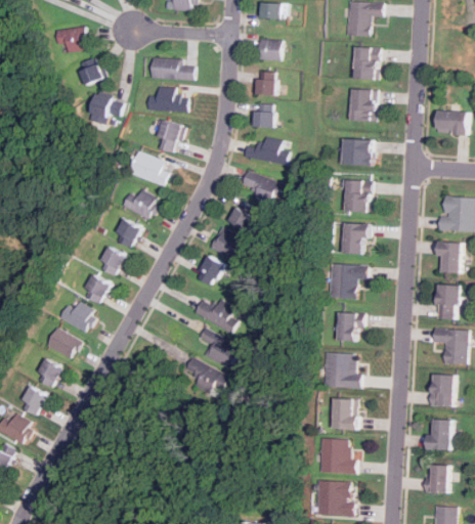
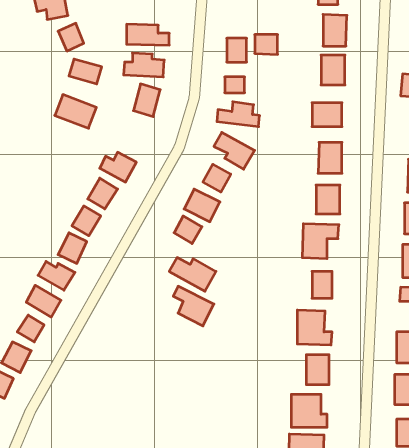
building: [255,40,278,60] -> [255,35,278,54]
building: [129,151,172,186] -> [55,95,96,128]
building: [184,357,223,394] -> none

